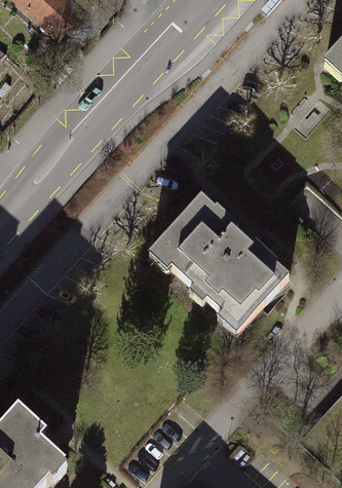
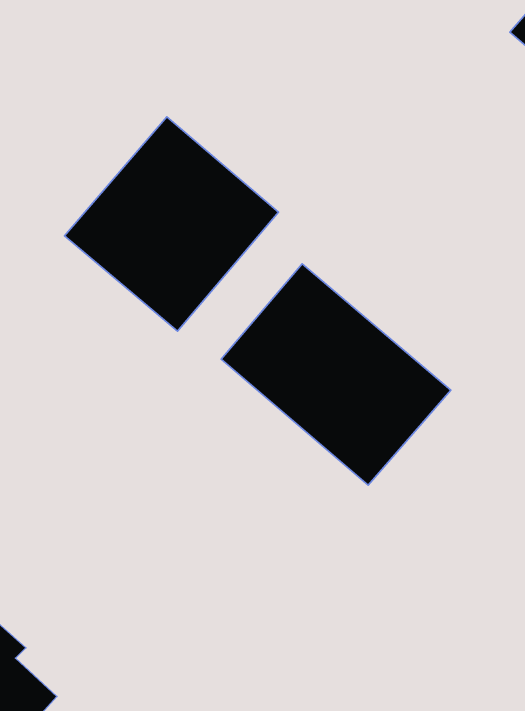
building: none -> [64,117,278,331]

